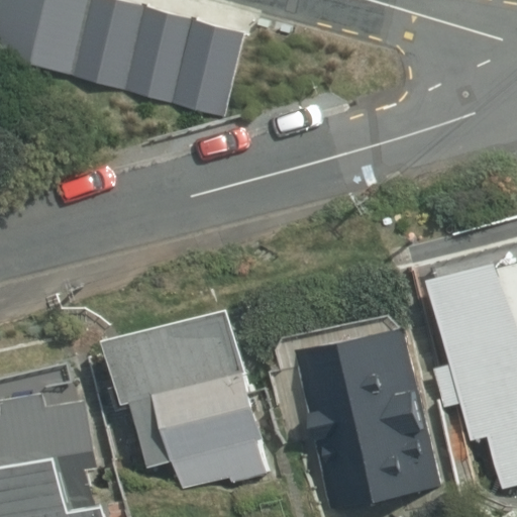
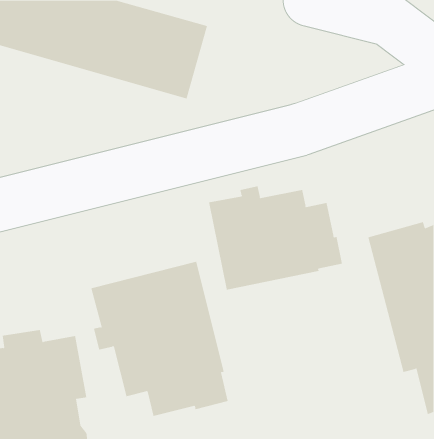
building: none -> [208,185,343,291]
building: [295,329,432,509] -> none

